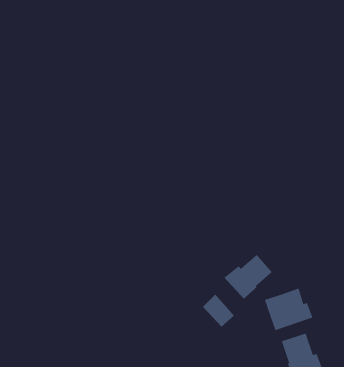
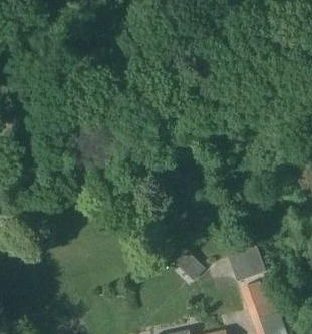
building: [224,254,273,300] -> none

